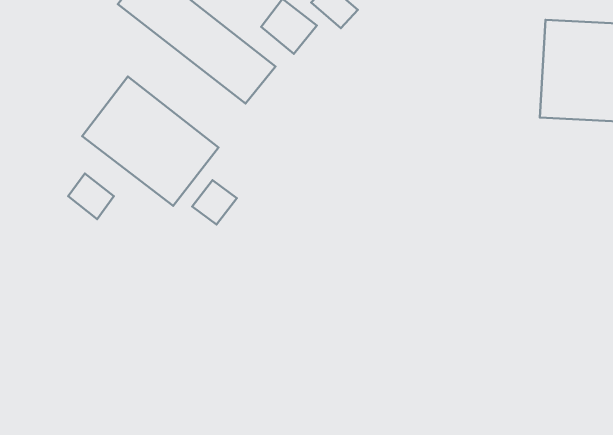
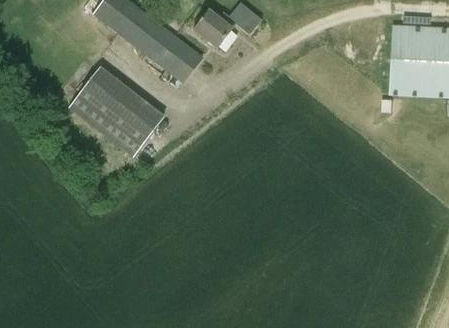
building: [68,174,114,219] -> none
building: [192,180,237,224] -> none

